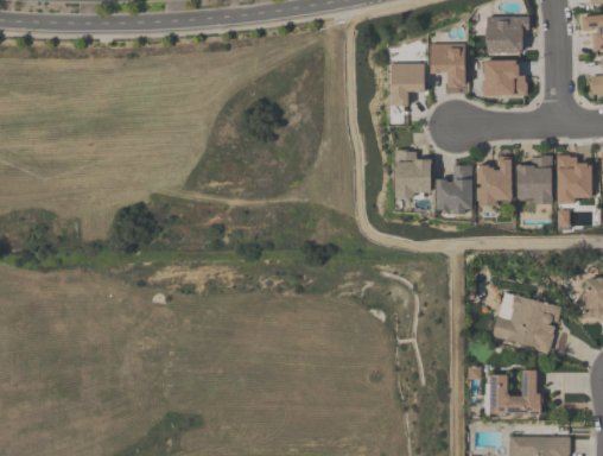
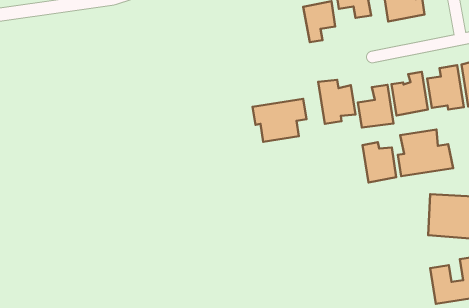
building: none -> [253,99,307,142]
building: none -> [398,129,453,176]
building: none -> [363,142,396,182]

